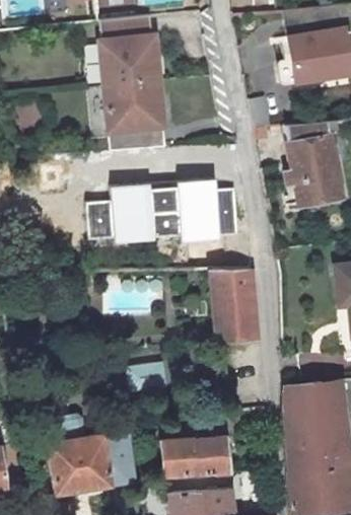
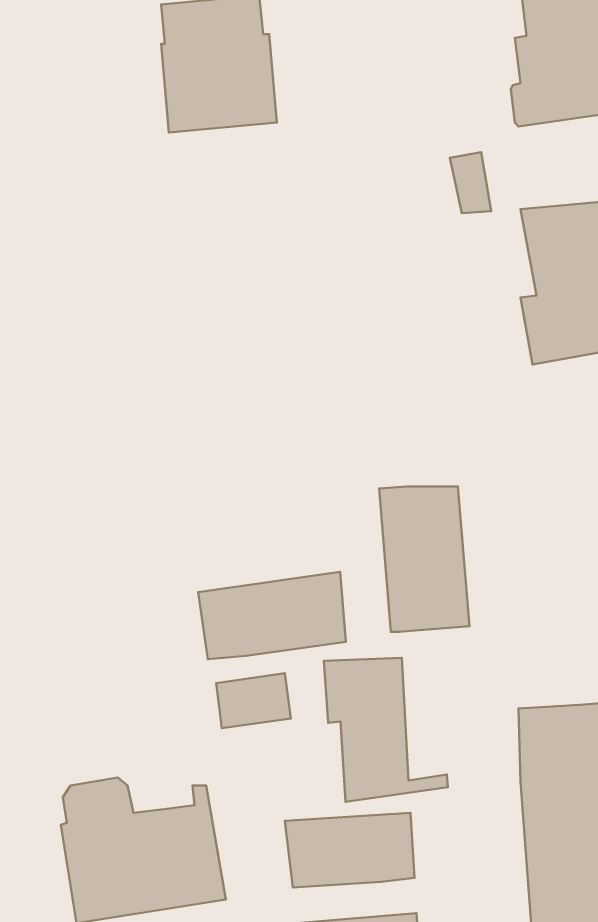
building: [103,82,165,153] -> none
building: [87,179,236,244] -> none
building: none -> [198,572,346,659]
building: none -> [324,658,448,802]

